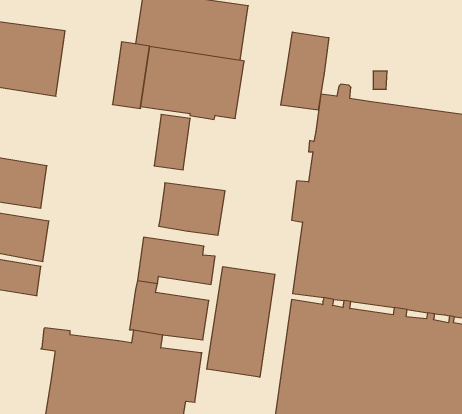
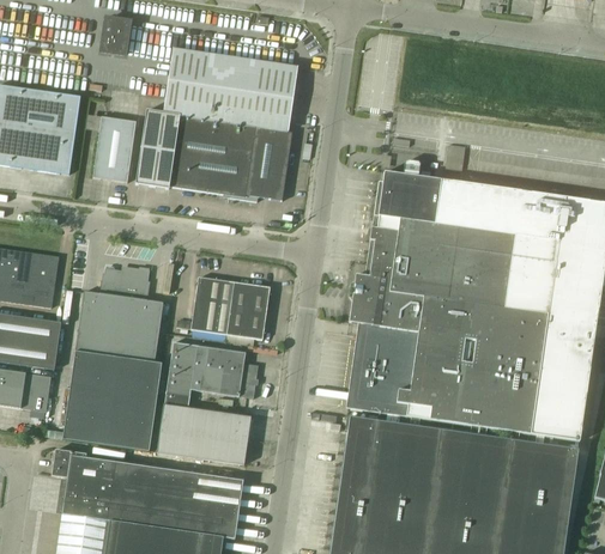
building: [281,32,329,110] -> none
building: [154,114,190,170] -> [92,116,135,182]
building: none -> [61,267,162,450]
building: [207,267,275,377] -> none

